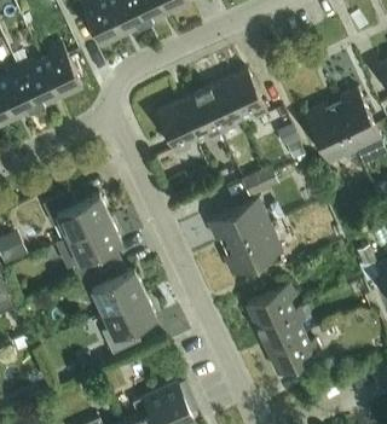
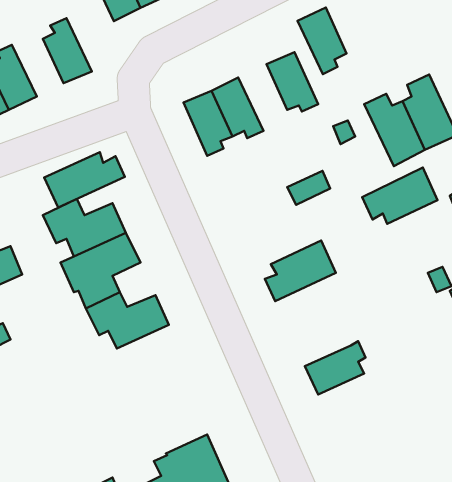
building: [17,59,59,108] -> none
building: [202,81,242,135] -> [298,8,346,74]
building: none -> [44,152,125,207]
building: [208,198,270,244] -> [362,168,438,224]
building: [246,285,295,327] -> none
building: [102,294,156,355] -> none
building: [267,333,320,373] -> none

